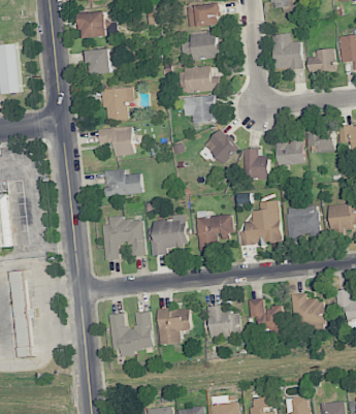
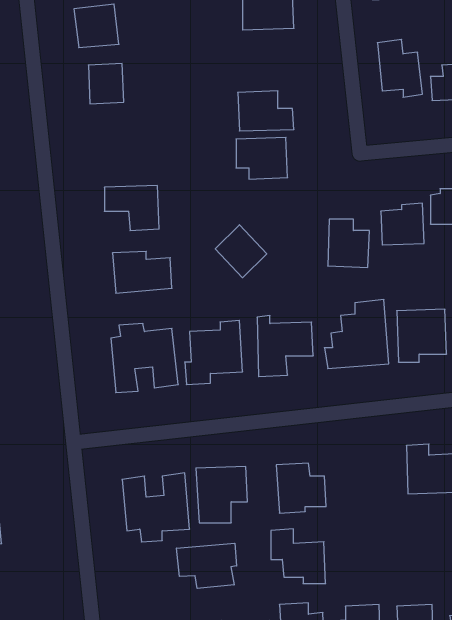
building: [180,31,219,61] -> none
building: [102,87,132,120] -> none
building: [203,129,236,163] -> [215,225,267,278]
building: [249,298,284,333] -> [271,529,326,584]
building: none -> [177,543,237,588]

